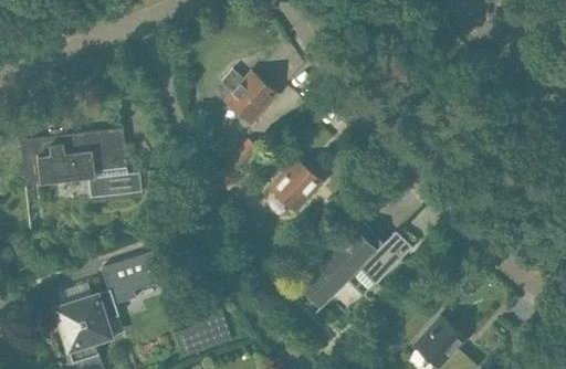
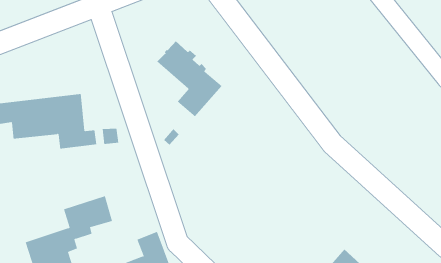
building: [269,159,322,212] -> none
building: [298,229,412,309] -> none

